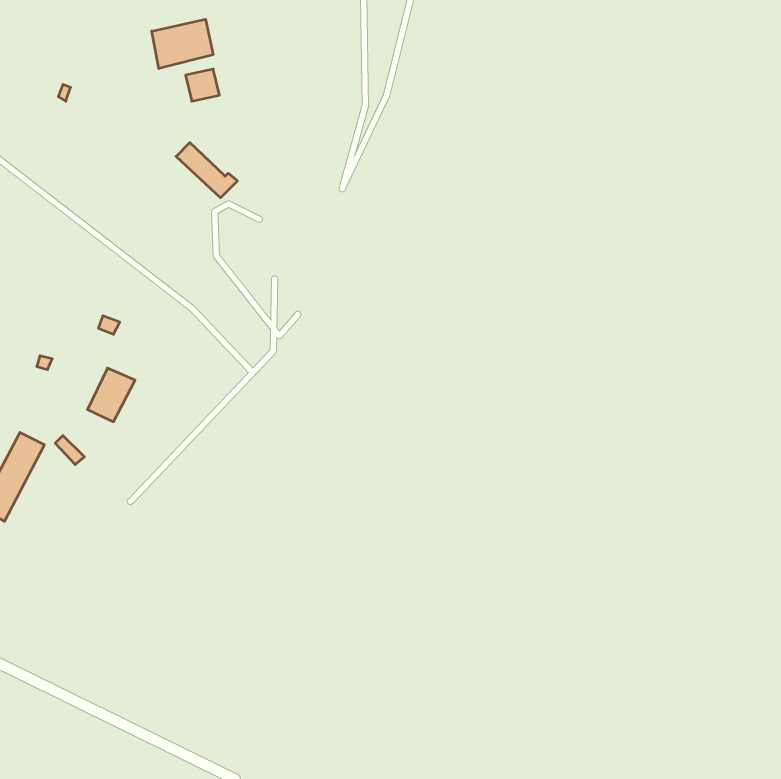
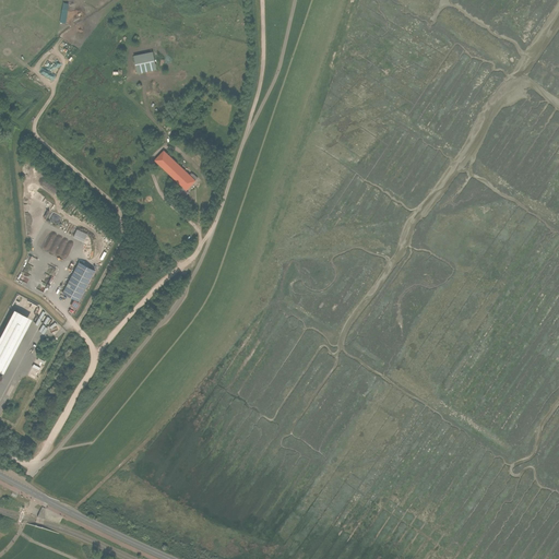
building: [152,19,213,69] -> none
building: [176,143,237,198] -> [153,151,197,190]

